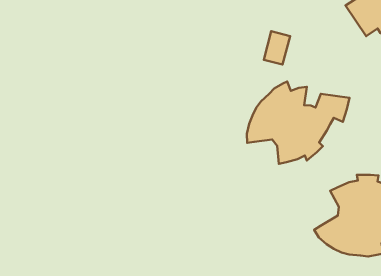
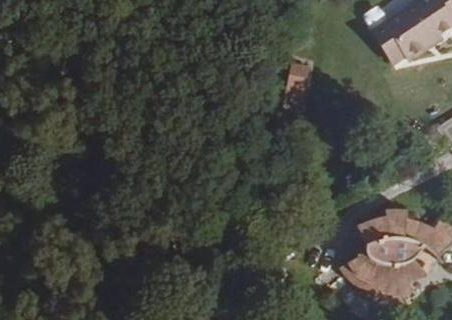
building: [247,81,349,164] -> none

